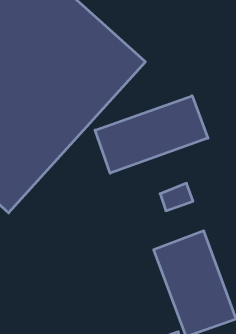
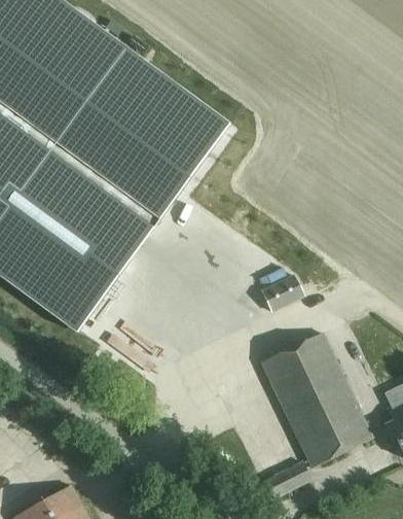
building: [95,96,208,173] -> none

